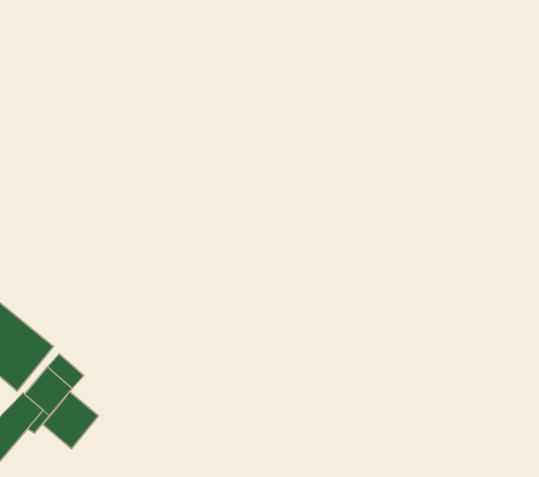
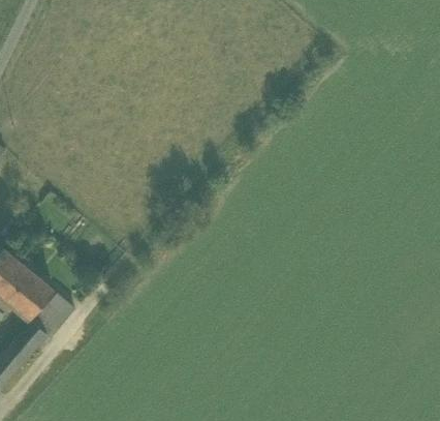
building: [43,392,98,449] -> none

